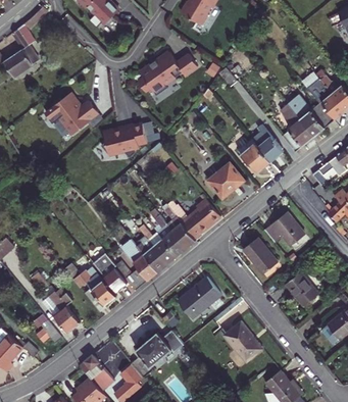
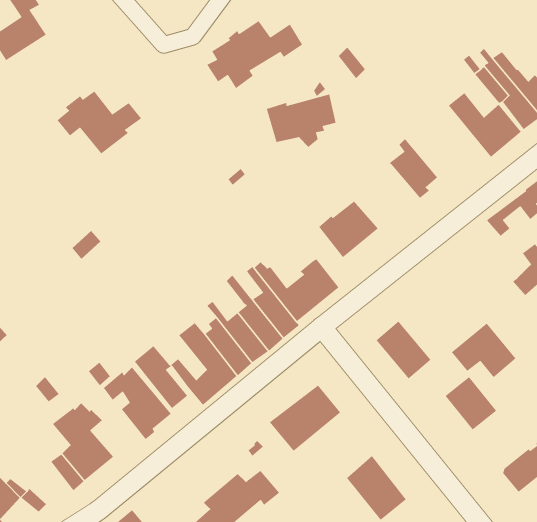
building: [280,104,314,152] -> none
building: [103,124,147,158] -> [266,94,337,148]
building: [238,141,270,173] -> none
building: [264,212,305,247] -> [451,322,516,378]

